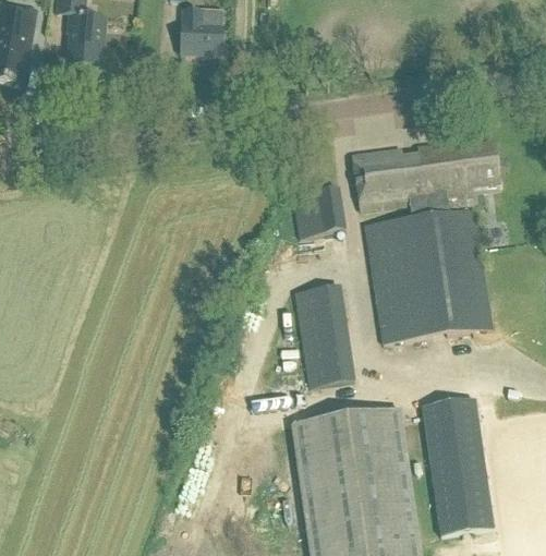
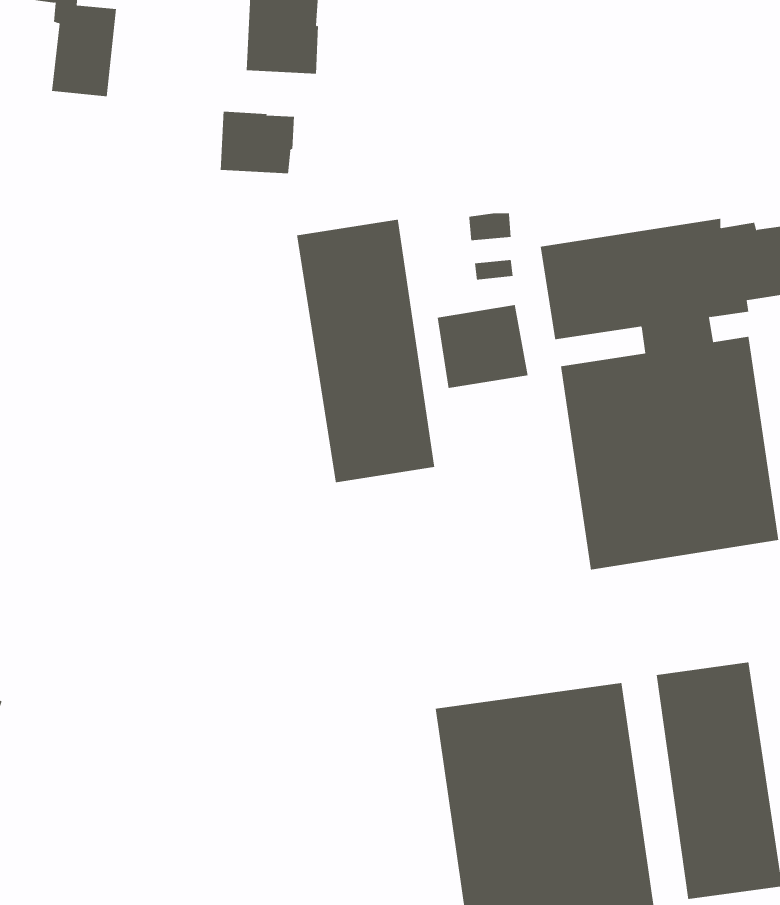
building: none -> [220,111,294,174]
building: none -> [297,219,435,483]
building: [293,285,354,386] -> none

